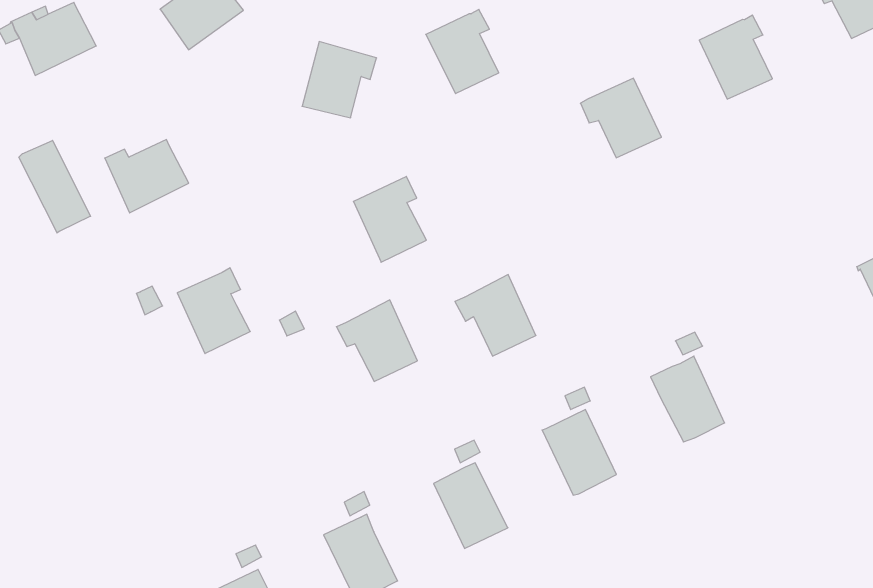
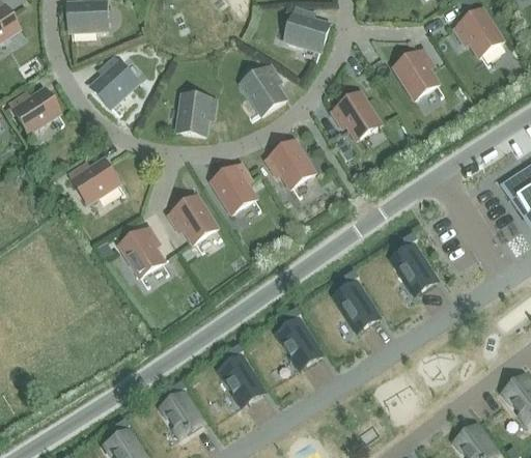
building: [19,140,91,233] -> none
building: [455,275,536,356] -> [266,140,313,187]
building: [336,300,417,381] -> [168,195,216,241]

